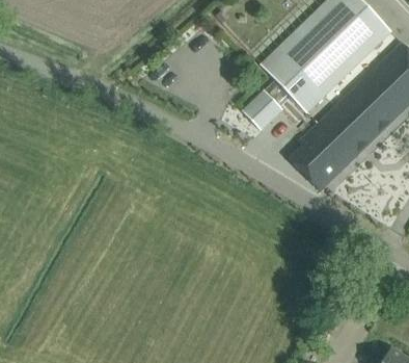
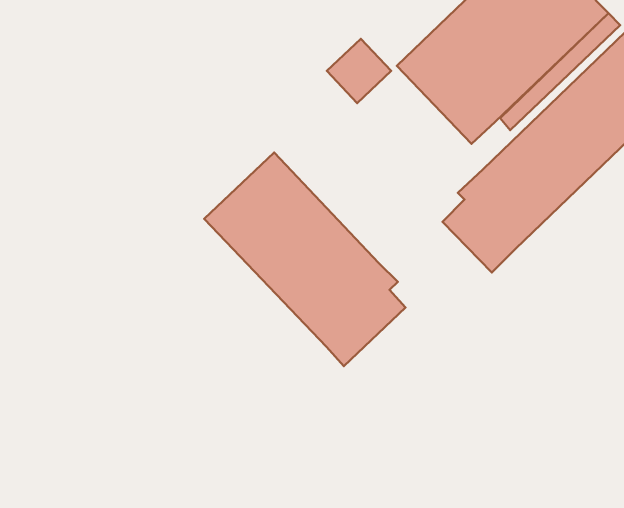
building: [244,90,283,130] -> [327,39,391,103]
building: none -> [204,153,405,366]

